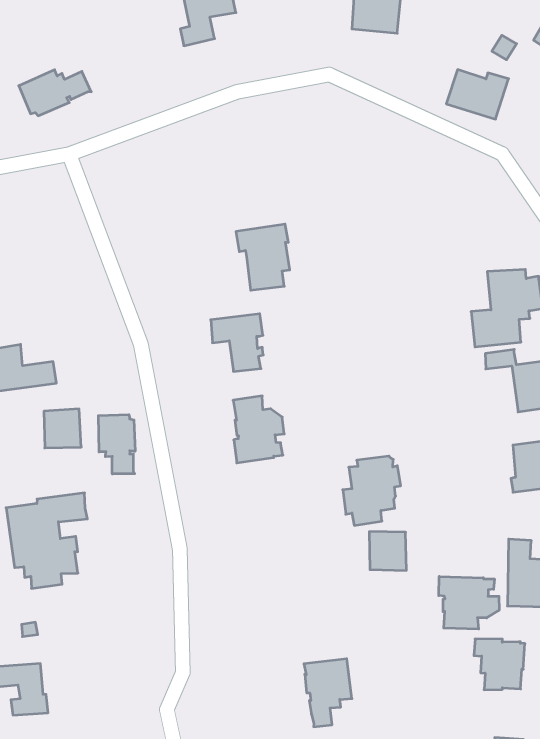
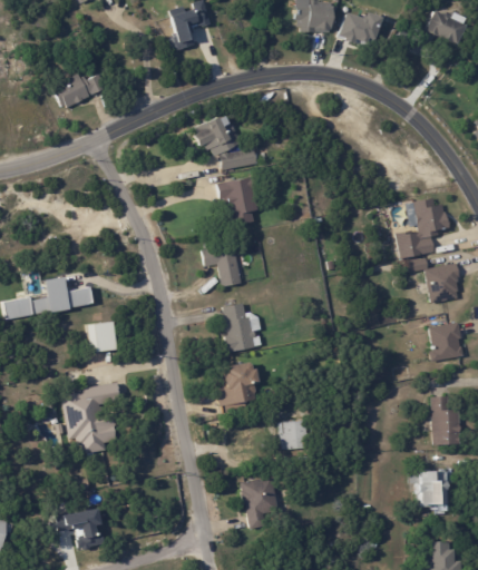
building: [446,70,509,119] -> [333,11,378,46]
building: none -> [195,115,257,170]
building: [98,415,135,474] -> none
building: [343,456,401,525] -> [217,362,260,414]
building: [369,532,406,570] -> [280,421,309,450]
building: [439,576,499,629] -> none
building: [304,659,352,727] -> [241,478,277,529]

